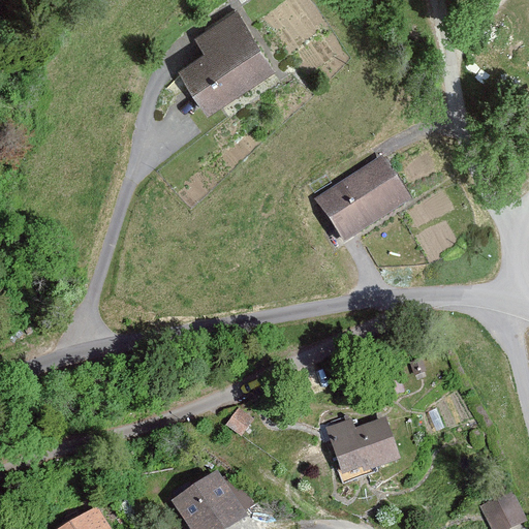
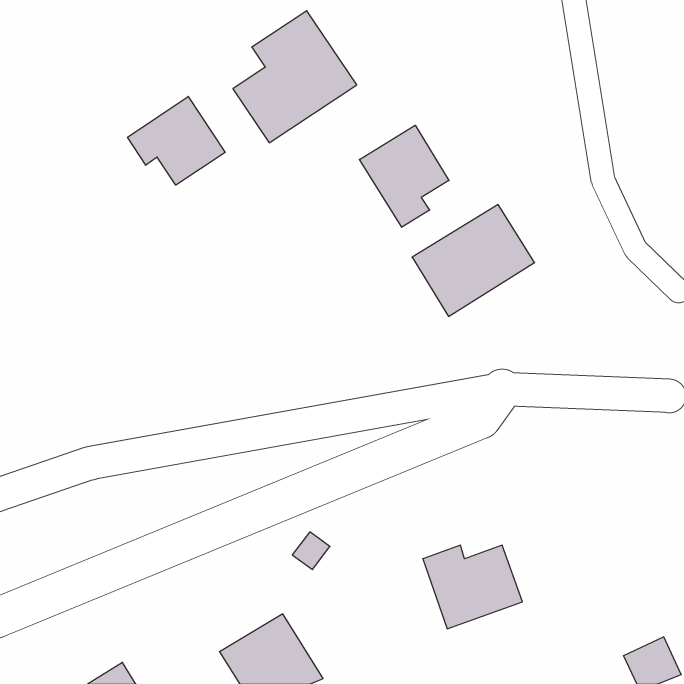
building: none -> [127,96,225,185]
building: none -> [359,125,449,227]

